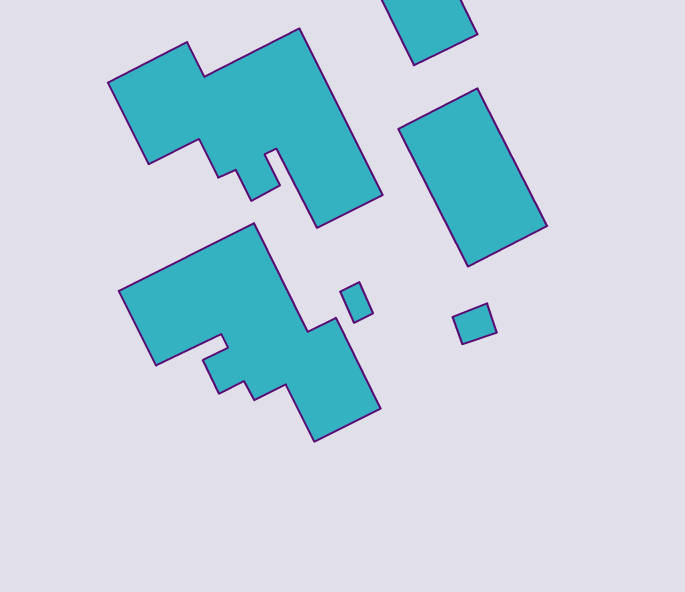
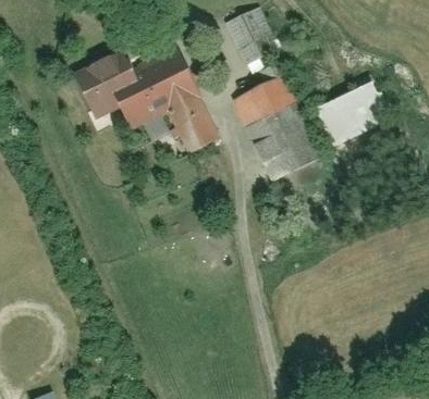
building: none -> [315,86,384,145]
building: [119,223,381,442] -> none

